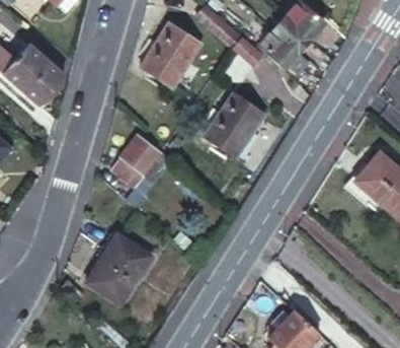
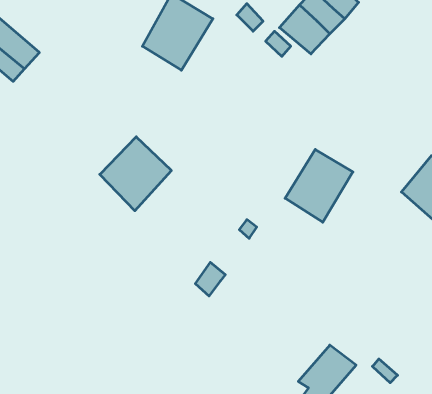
building: [207,94,261,153] -> [285,149,353,222]
building: [85,238,151,307] -> none

